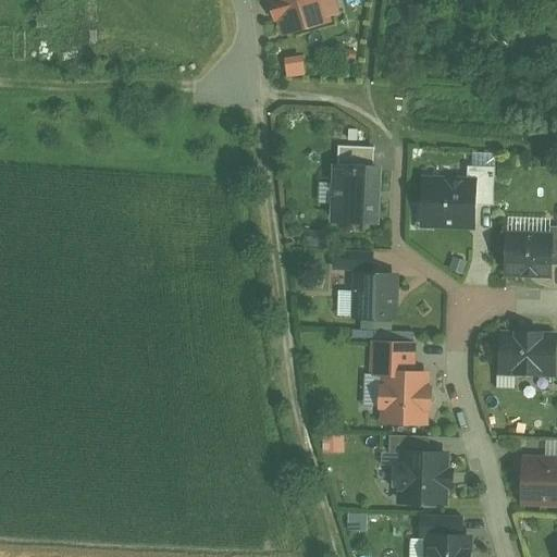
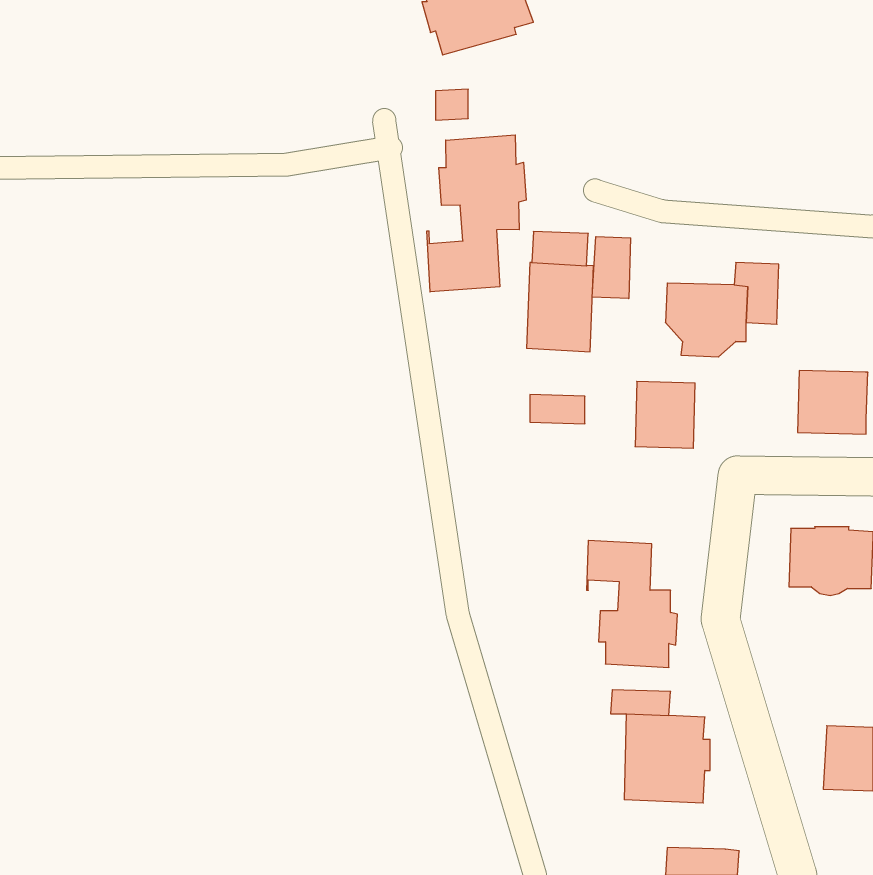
building: none -> [427,135,526,292]
building: none -> [592,237,631,299]
building: [356,275,394,318] -> [635,381,695,448]
building: [419,517,461,539] -> none

